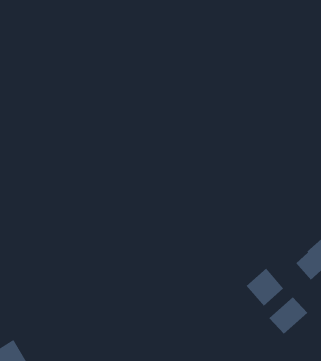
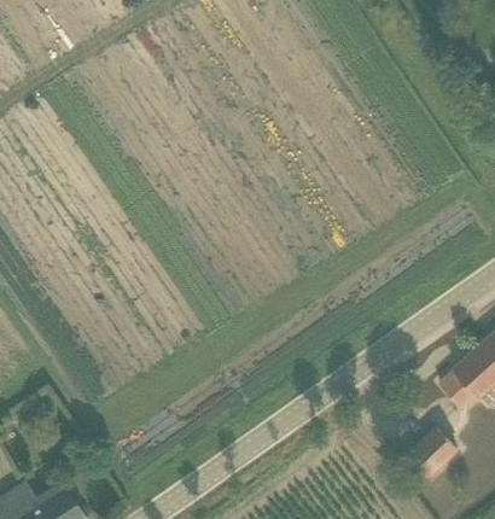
building: [246,268,284,307] -> none

